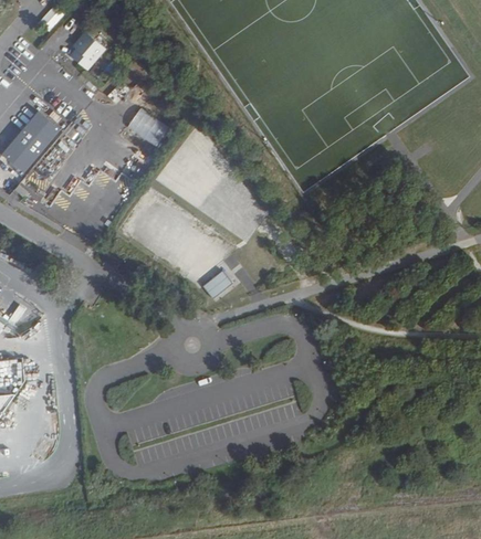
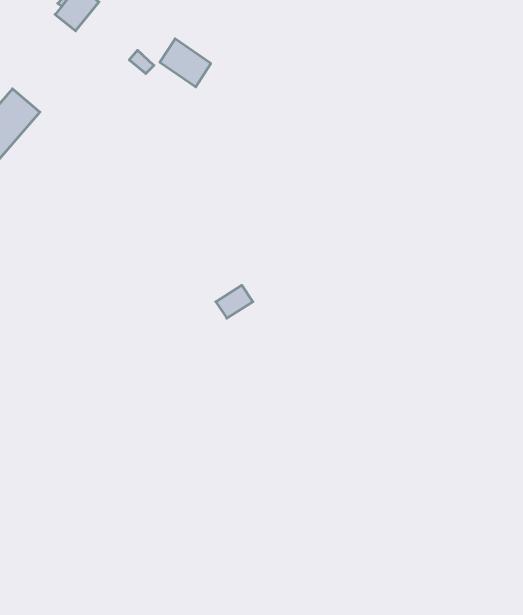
building: [127,107,168,146] -> [160,39,211,87]

